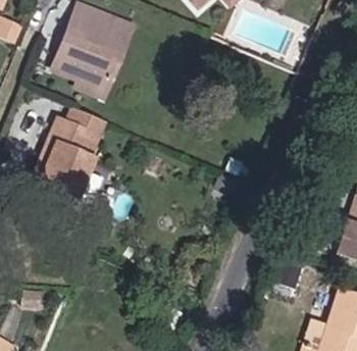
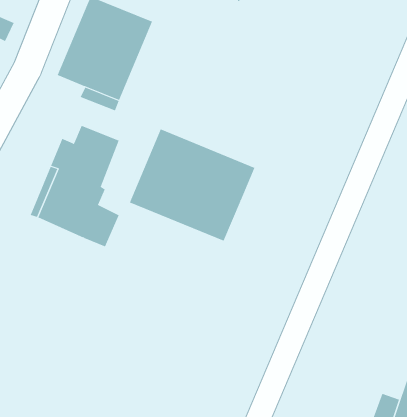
building: none -> [129,129,255,241]

